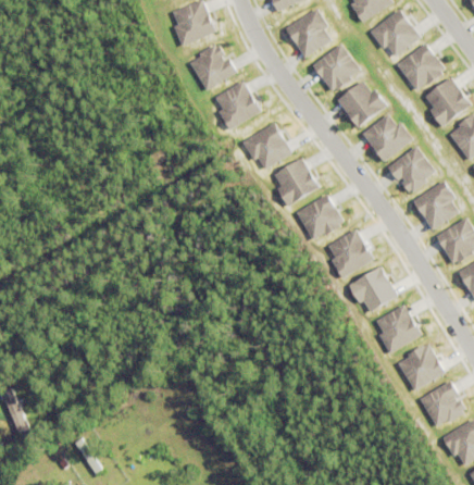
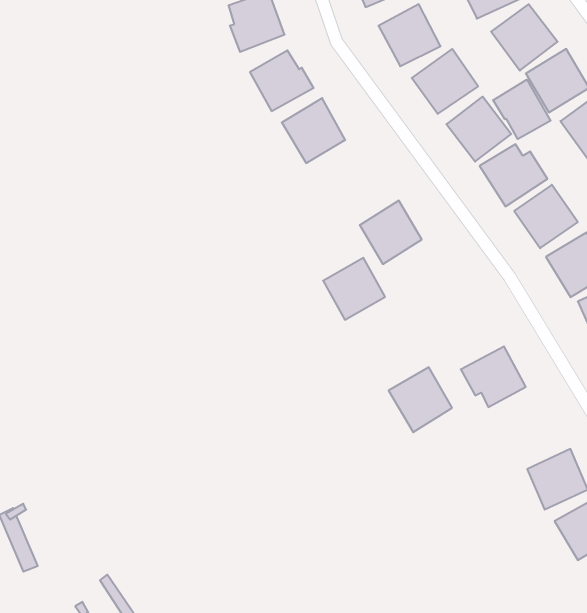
building: none -> [493,80,551,139]
building: [242,123,291,170] -> none
building: [297,195,344,241] -> [323,258,385,320]
building: [325,229,373,278] -> [389,367,452,432]
building: [374,306,421,352] -> none

